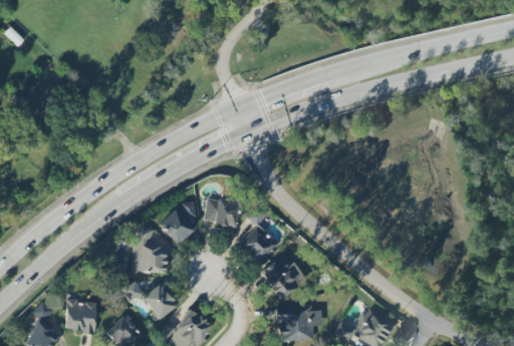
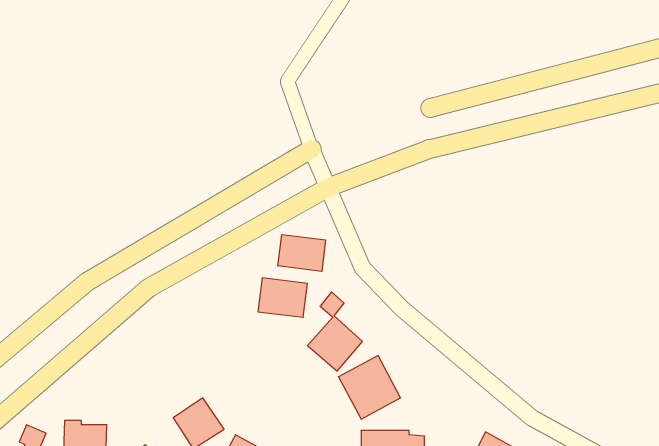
building: none -> [278,235,326,271]
building: [161,203,196,245] -> none
building: [133,226,166,273] -> none

